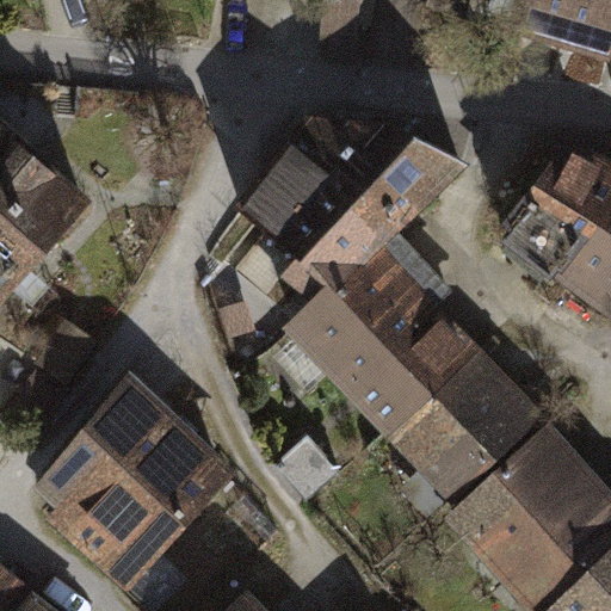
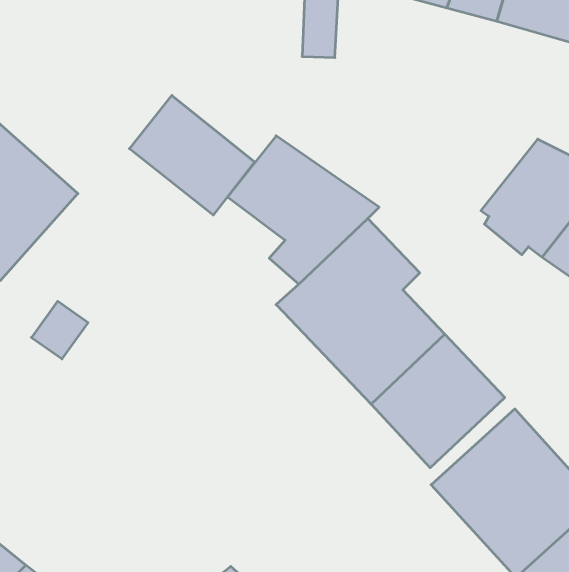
building: none -> [129,95,255,215]
building: [294,119,461,221] -> none
building: [48,388,228,586] -> none

